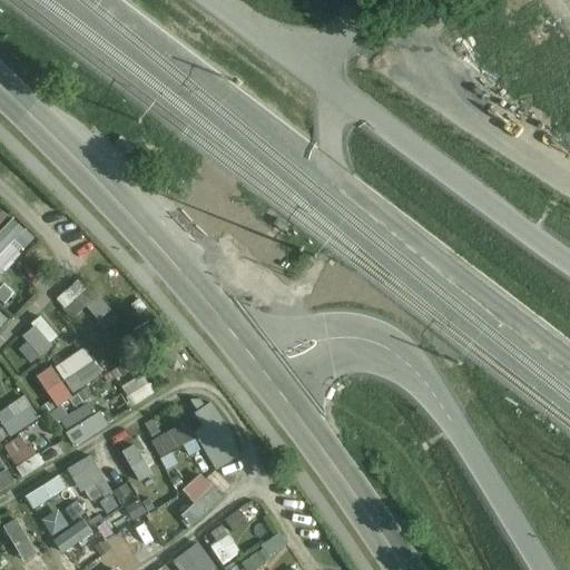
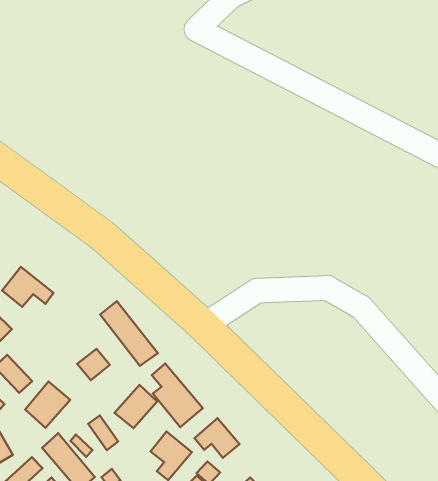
building: none -> [100,301,158,366]
building: [57,348,101,392] -> none
building: none -> [195,418,239,458]

